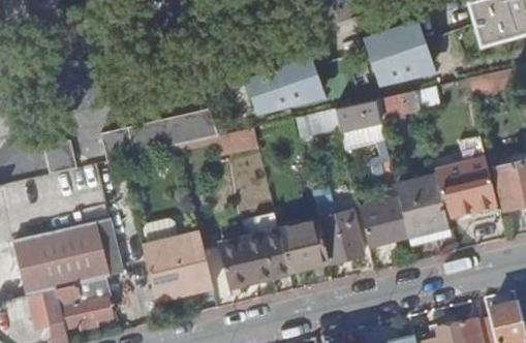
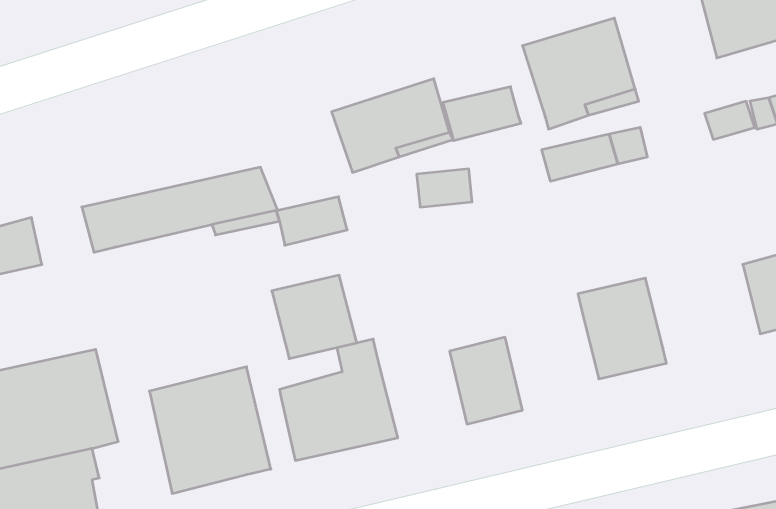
building: [335,98,381,130] -> [443,87,521,141]
building: [435,158,495,216] -> none
building: [360,197,409,245] -> none
building: [279,219,330,269] -> [272,275,357,359]

